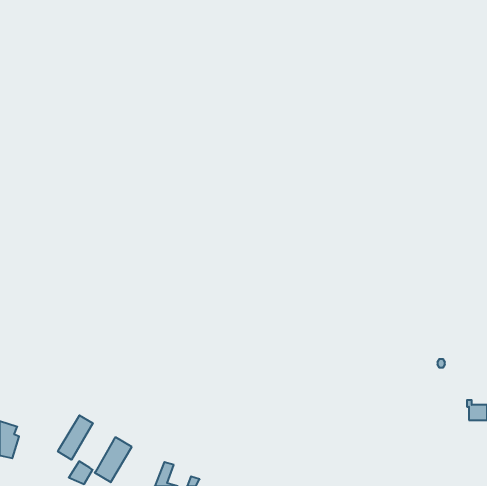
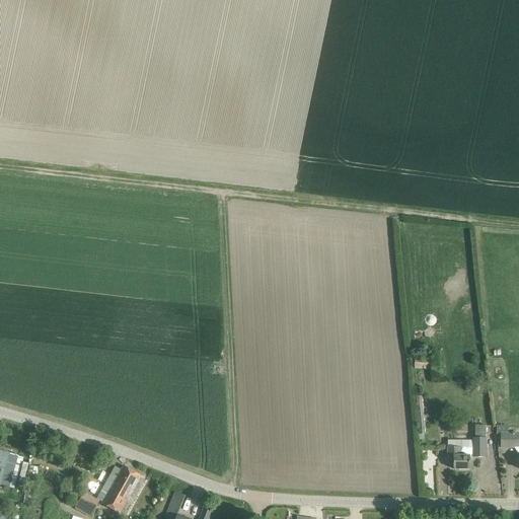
building: none -> [447,423,486,467]
building: [58,415,93,460] -> none

